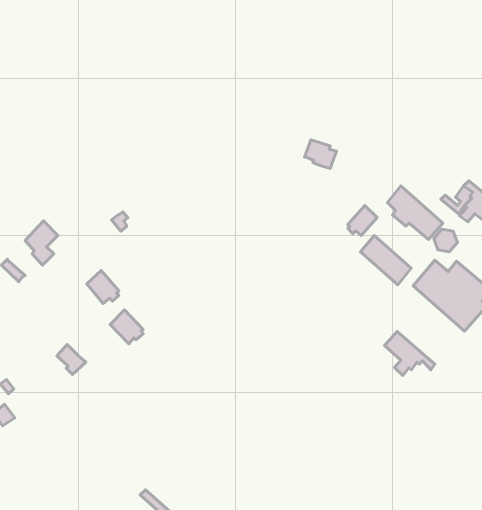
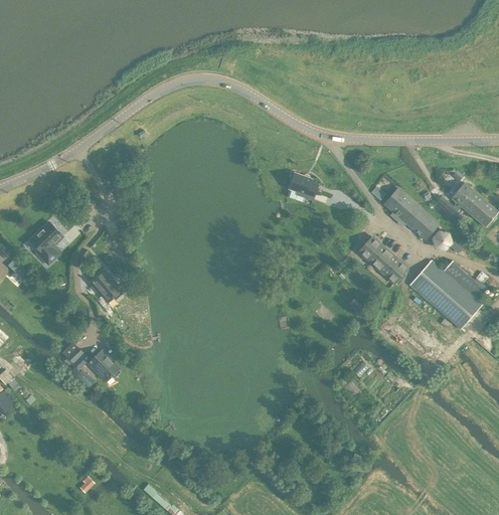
building: [305,140,336,169] -> [286,171,317,199]
building: [348,205,377,236] -> none
building: [110,310,143,344] -> [87,348,119,381]
building: [385,331,435,375] -> none

